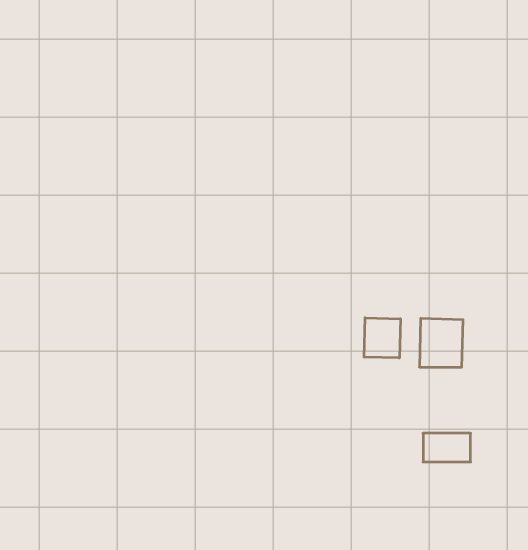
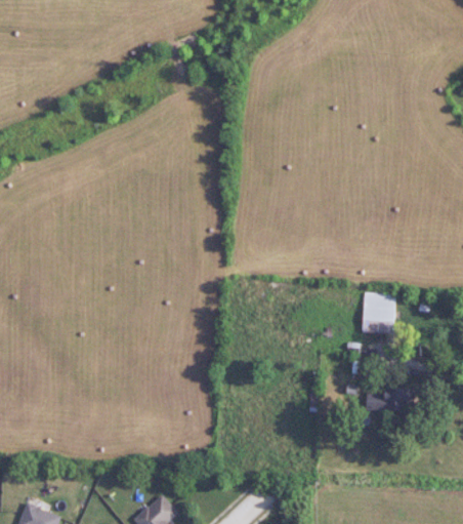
building: [364,318,400,358] -> none

